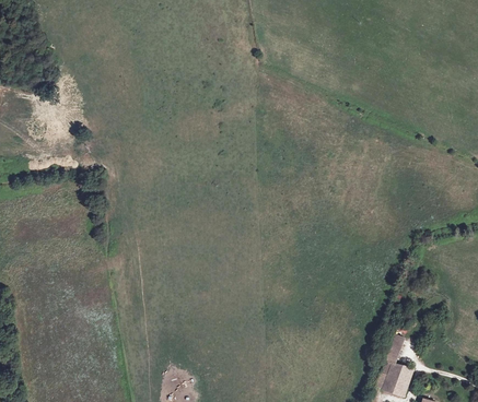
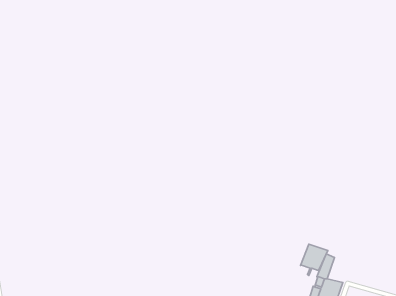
building: none -> [300,244,328,276]

